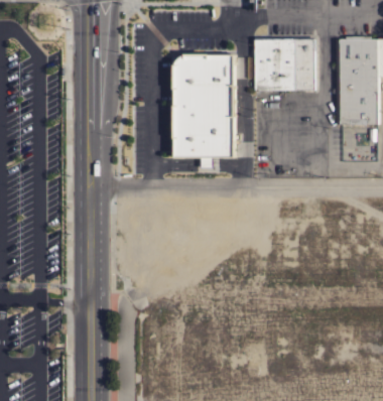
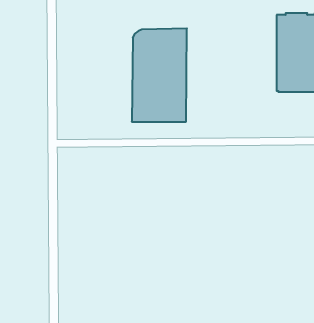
building: [251,36,311,90] -> none

